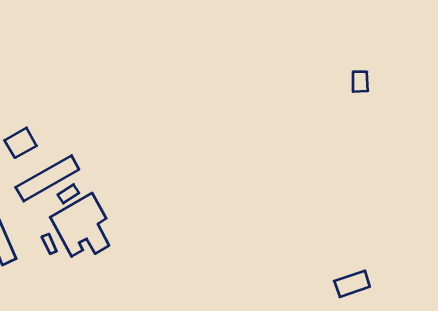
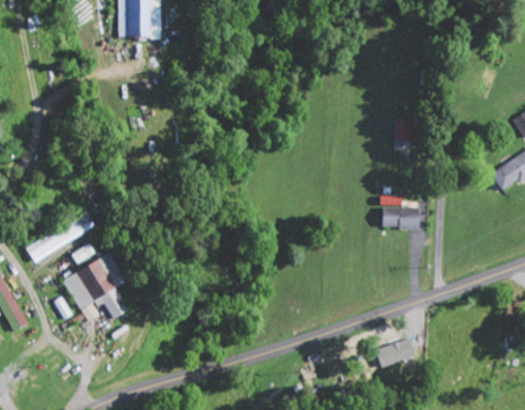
building: [4,128,37,158] -> none
building: none -> [383,202,420,228]

